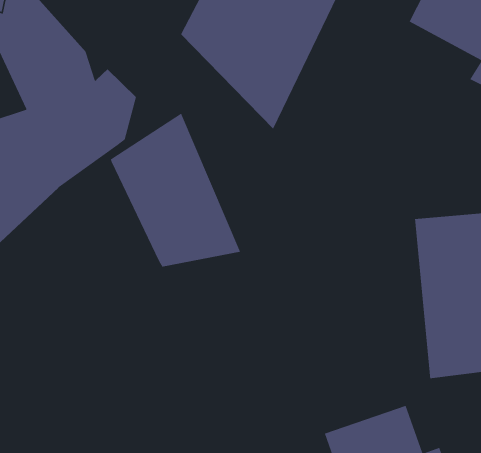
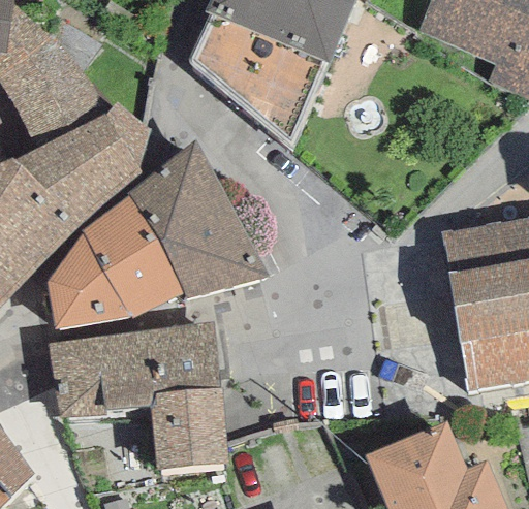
building: none -> [46,196,184,329]
building: none -> [49,321,227,470]

